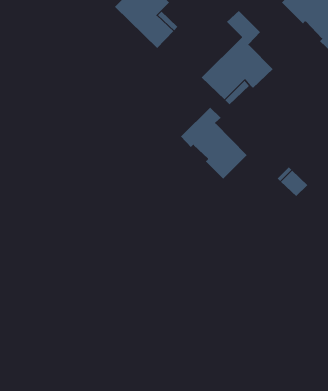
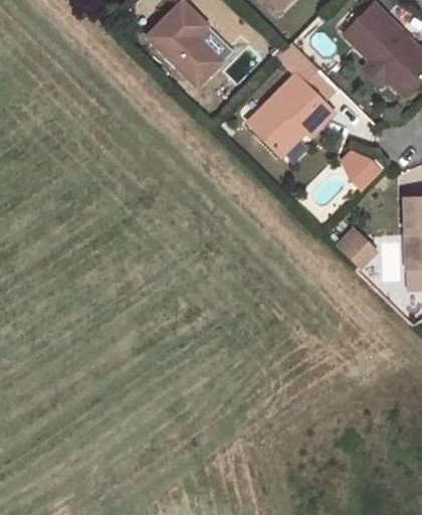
building: none -> [342,150,382,190]
building: [180,107,247,179] -> none

